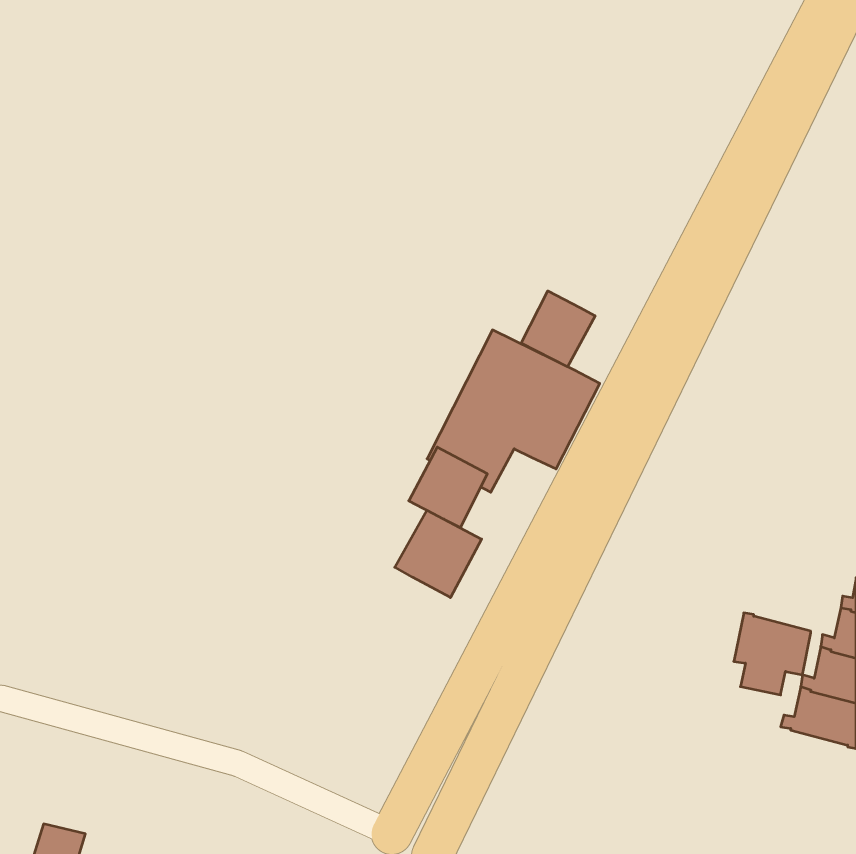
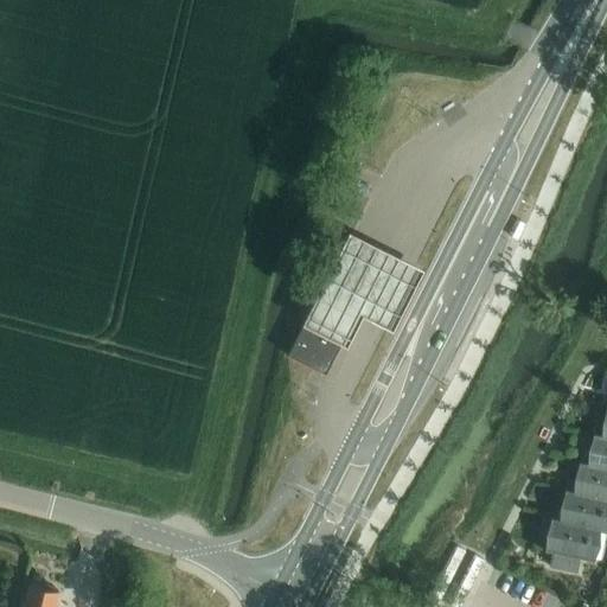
building: [521,291,595,367] -> none
building: [395,510,482,598] -> none
building: [734,613,811,695] -> [545,516,600,574]

